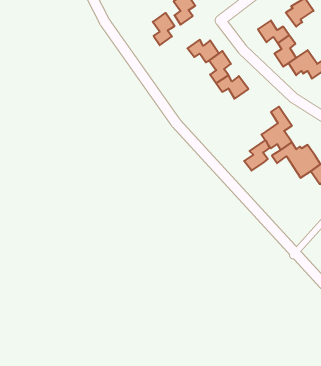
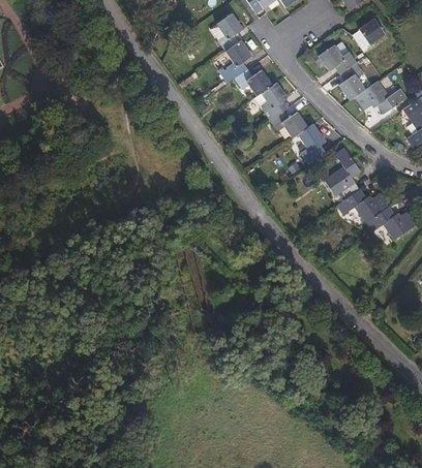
building: [153,13,175,45] -> [228,40,253,79]
building: none -> [298,124,325,164]
building: [244,140,270,171] -> none

